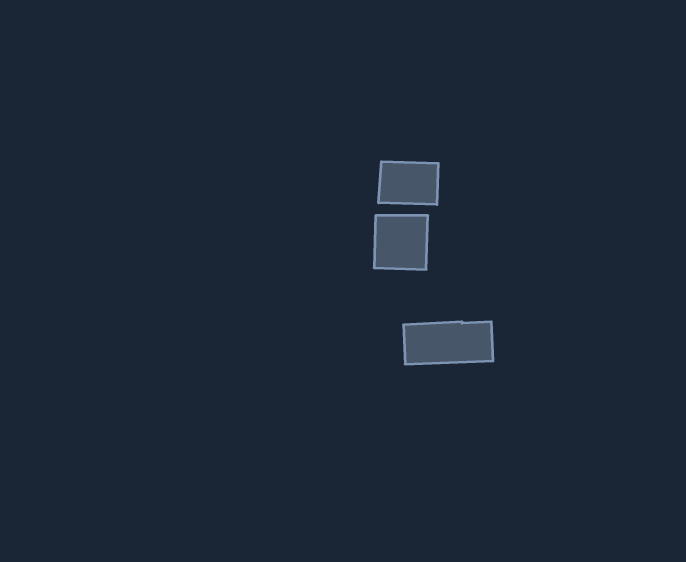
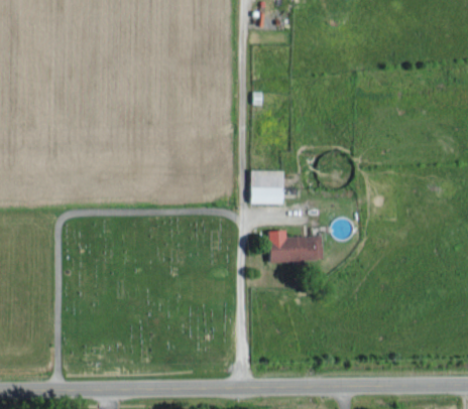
building: [379,162,438,205] -> none

